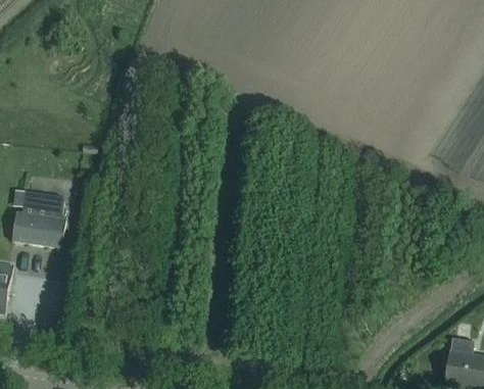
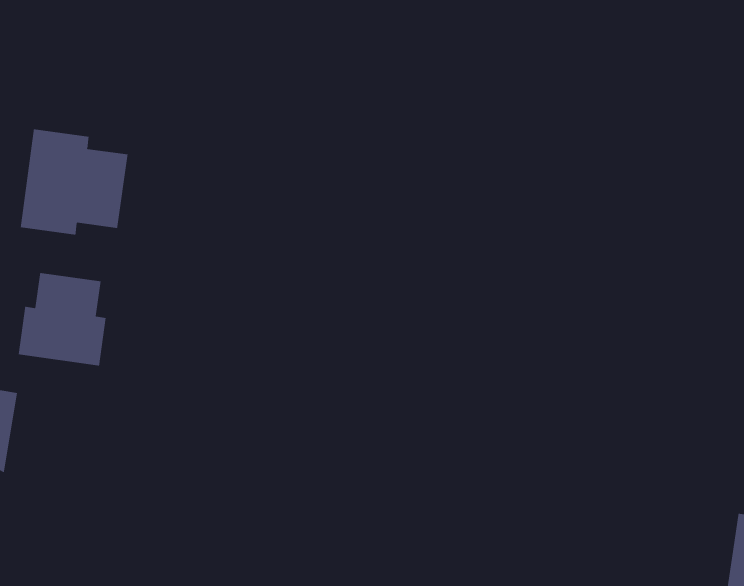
building: none -> [20,128,128,236]

